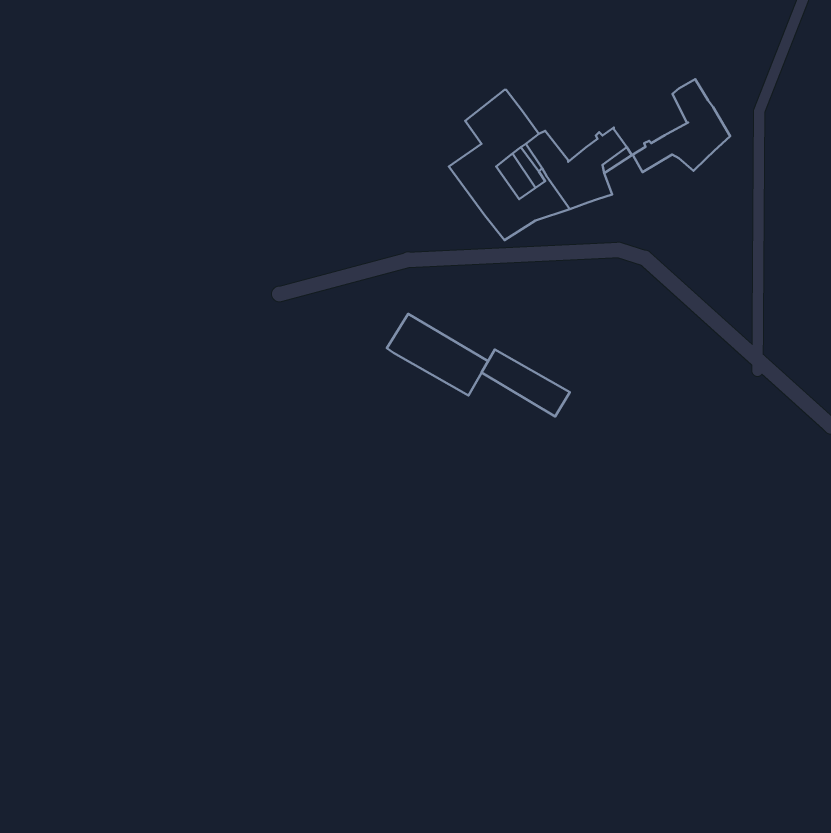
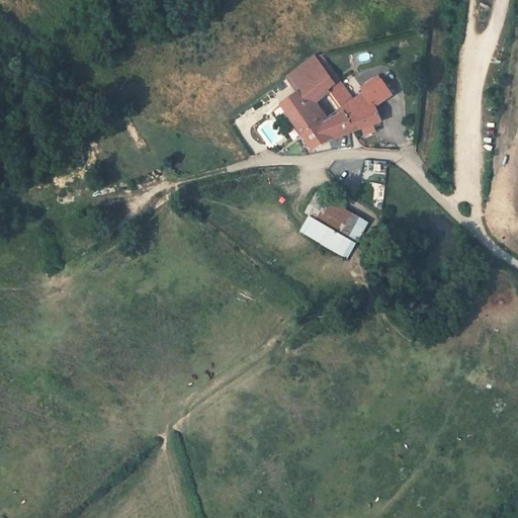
building: [632,79,730,172] -> none
building: [387,314,488,395] -> [303,192,365,243]

